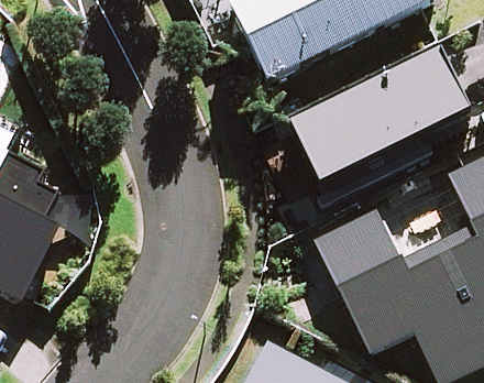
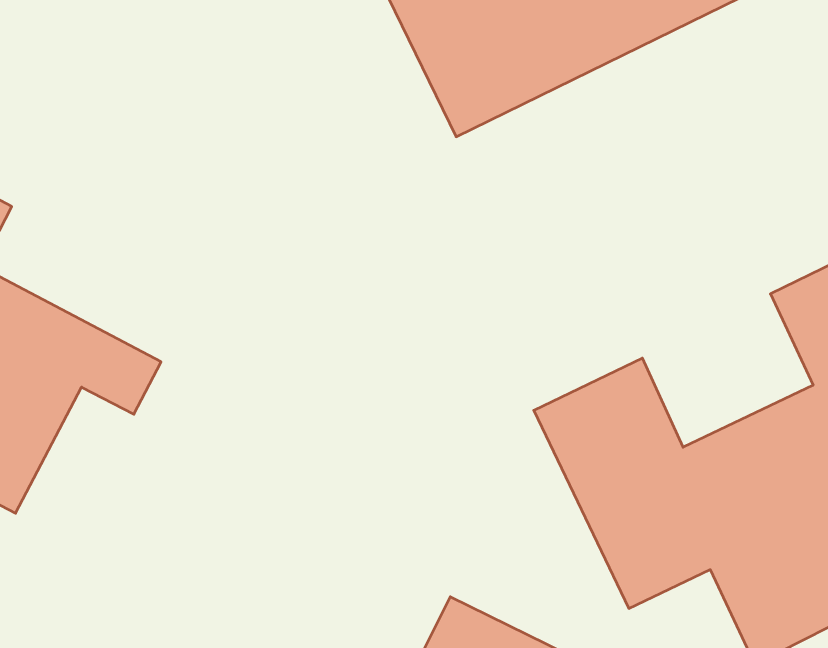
building: [292,47,473,184] -> none

